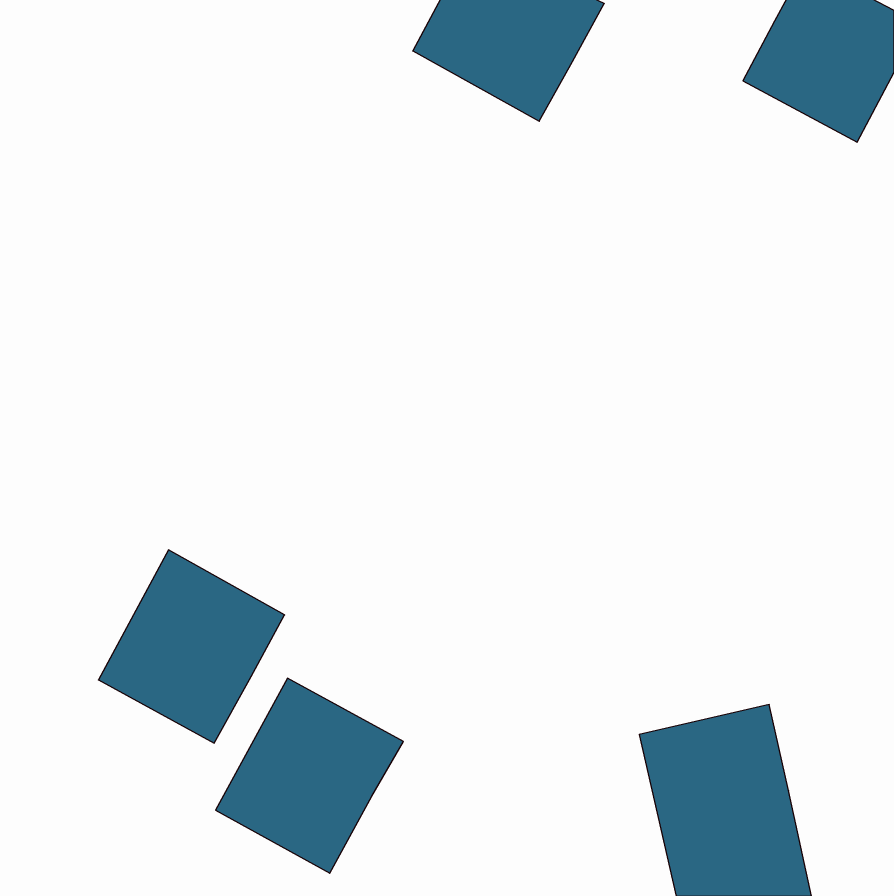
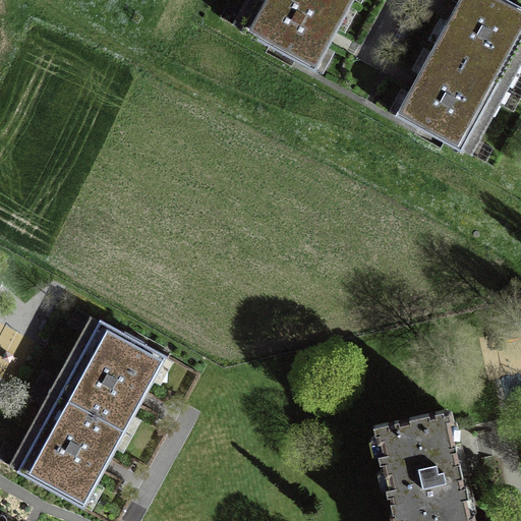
building: none -> [393,47,497,151]
building: [216,678,403,873] -> [15,394,124,507]

